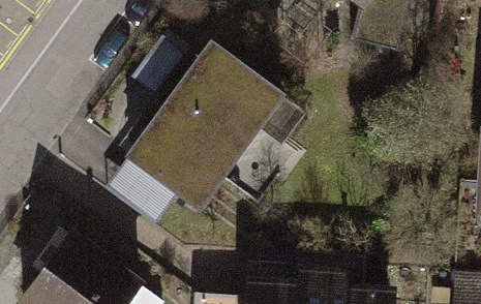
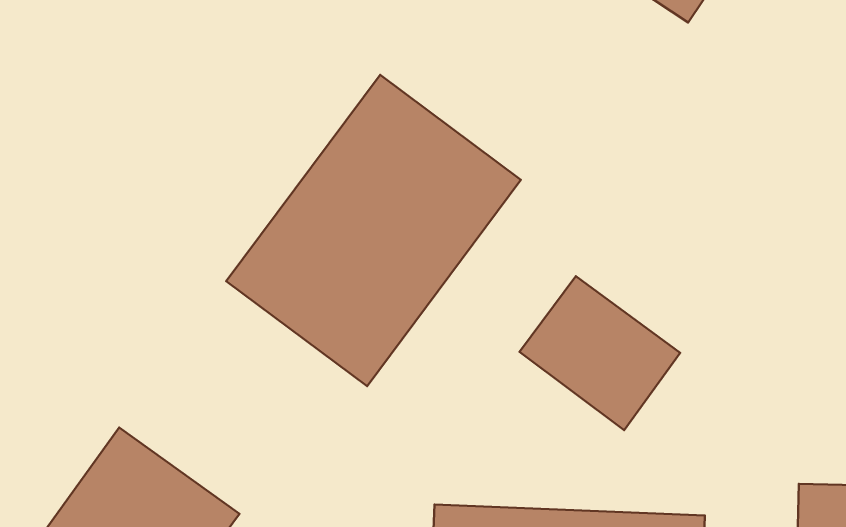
building: none -> [519,276,680,430]

